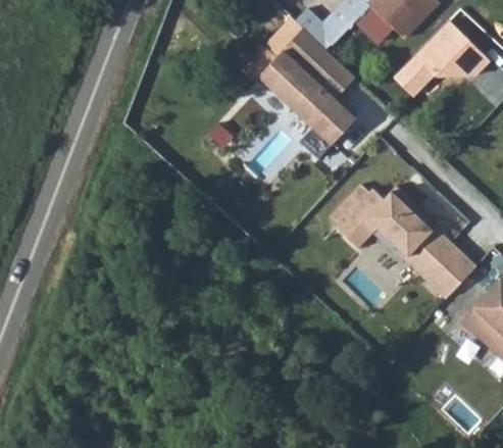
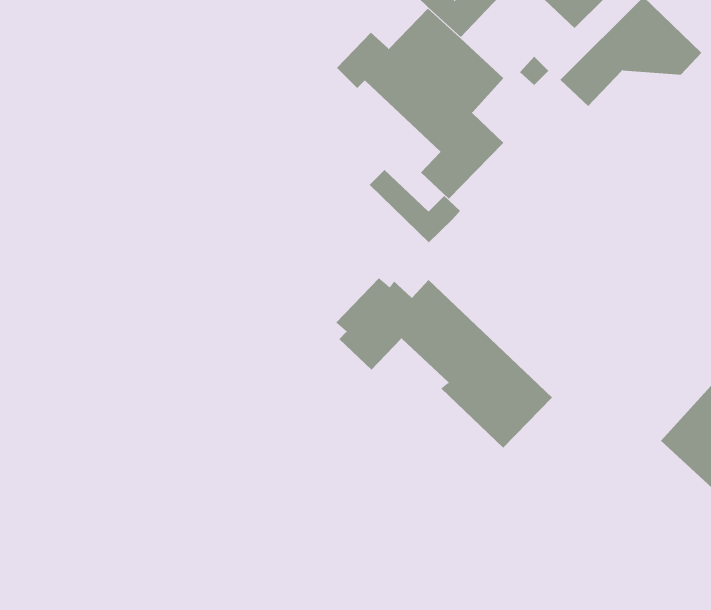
building: none -> [369,169,461,243]
building: [332,186,480,302] -> [335,278,553,449]

